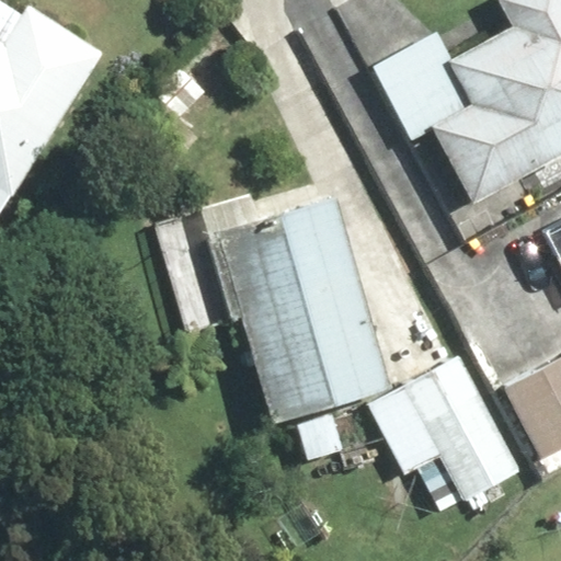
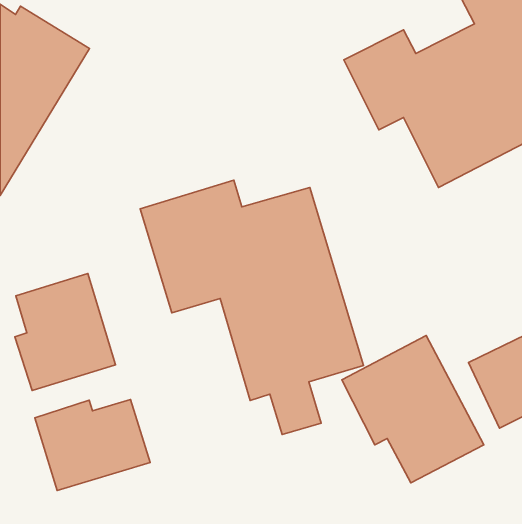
building: none -> [15,273,115,390]
building: none -> [35,399,150,491]

